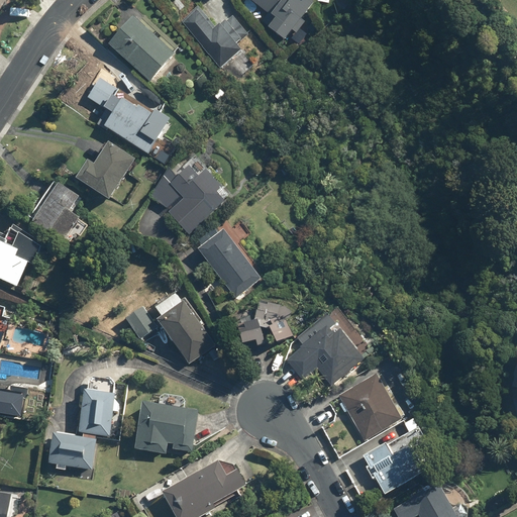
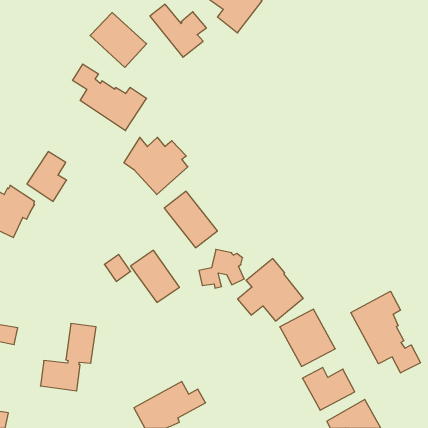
building: [76,140,136,199] -> none
building: none -> [351,291,420,373]
building: [135,401,199,452] -> none

